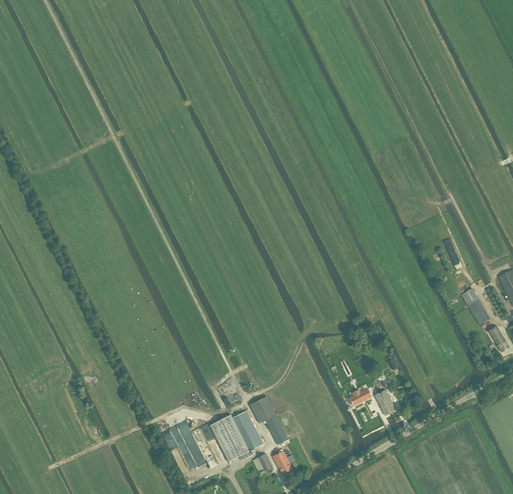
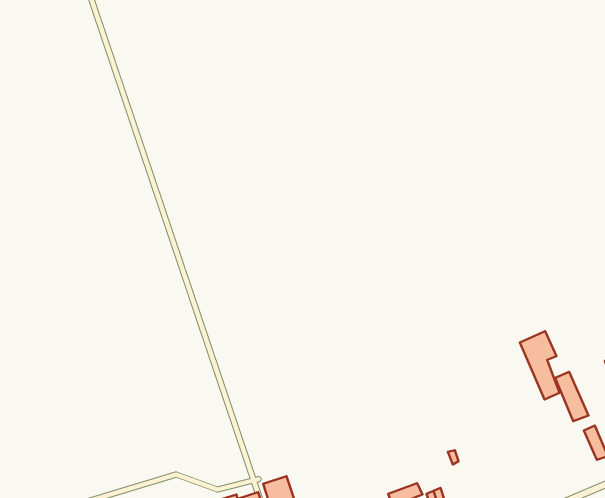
building: none -> [520,331,560,399]

